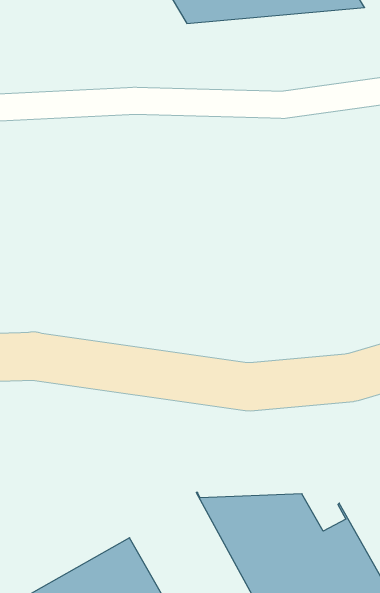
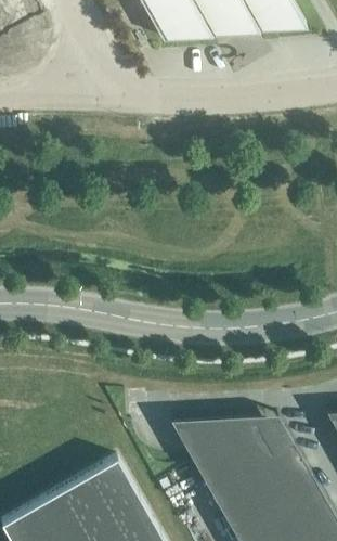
building: none -> [172,416,293,452]

